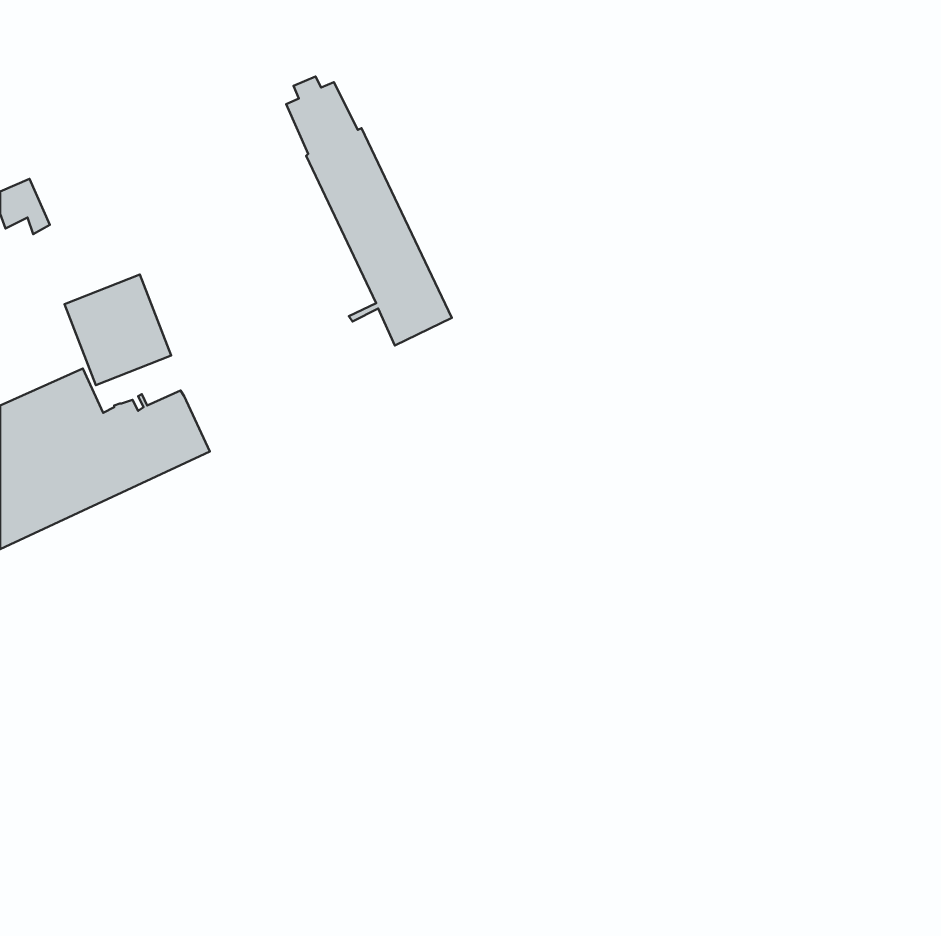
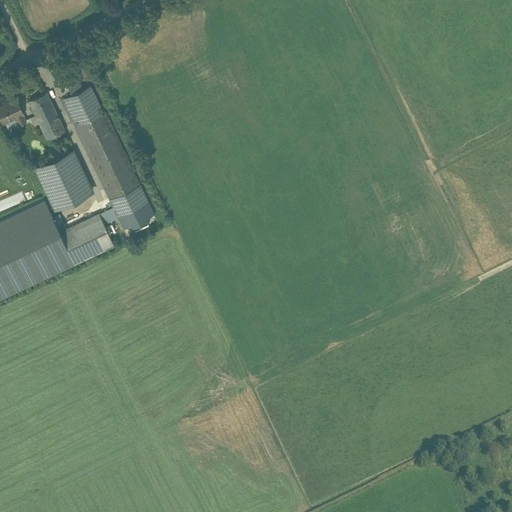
building: [286,76,452,345] -> [64,85,154,231]
building: none -> [28,94,65,141]

